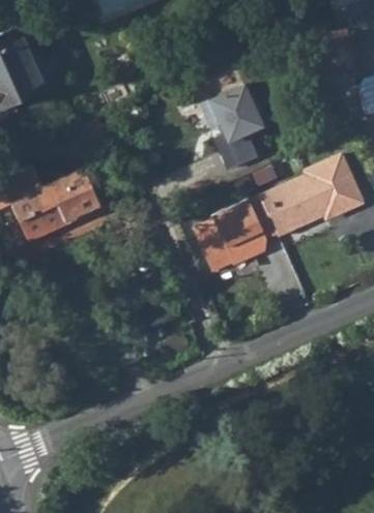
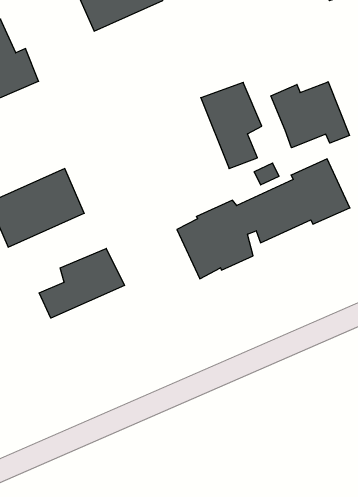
building: none -> [271,82,350,148]
building: none -> [39,248,124,318]

